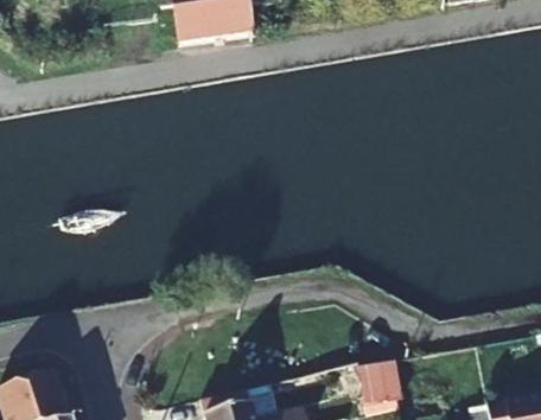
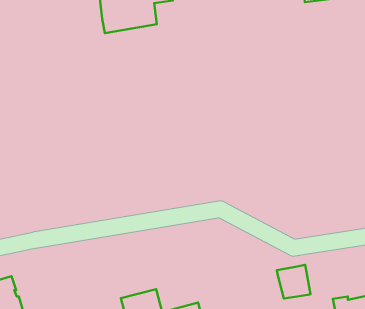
building: [356,363,401,408] -> [277,265,310,298]

